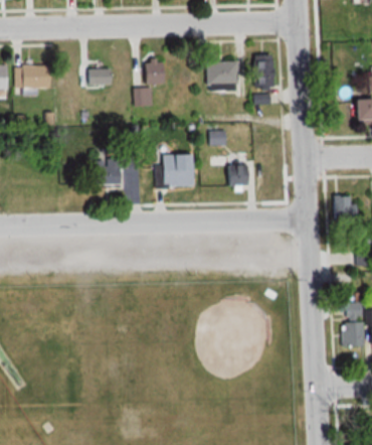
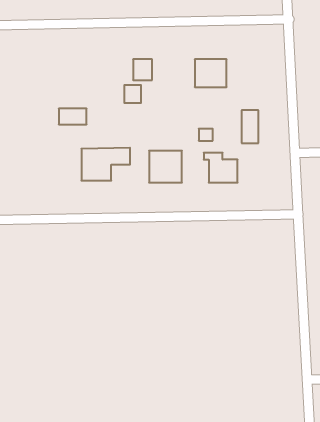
building: [254,54,271,88] -> [242,110,258,143]
building: [17,65,48,89] -> none
building: [86,68,115,85] -> [59,109,87,124]

